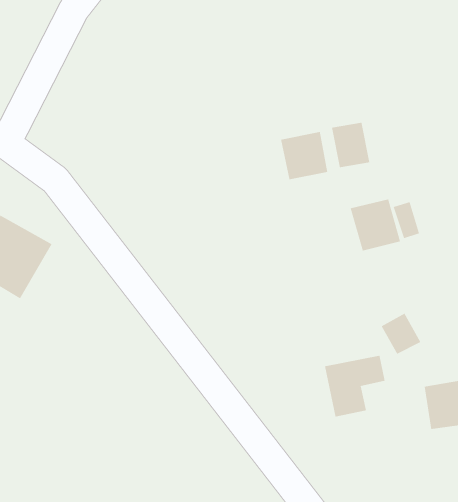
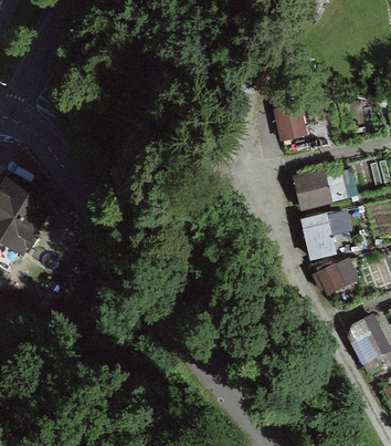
building: [281,131,328,180] -> none
building: [324,355,386,417] -> [300,210,351,261]

